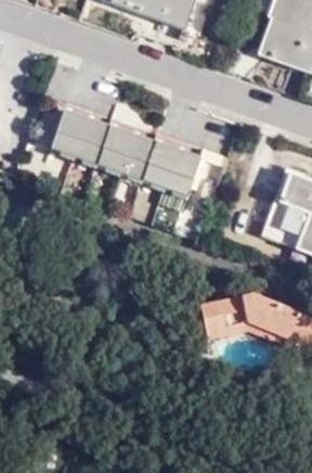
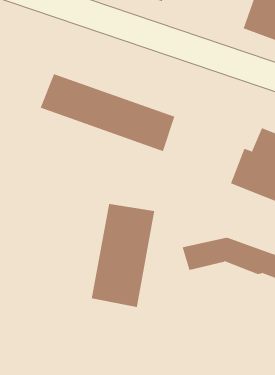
building: none -> [91,203,155,308]

